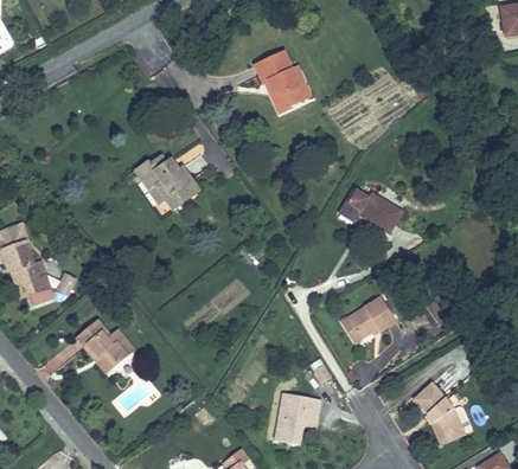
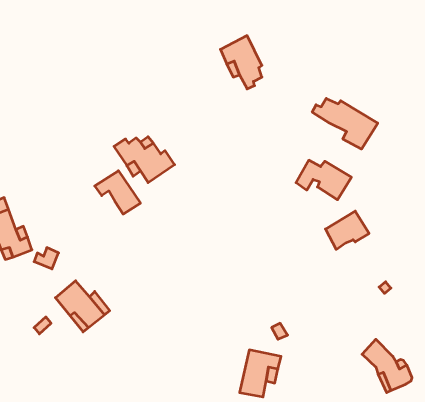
building: none -> [312,98,378,149]
building: none -> [95,171,140,214]
building: [348,295,397,338] -> [325,211,369,249]

